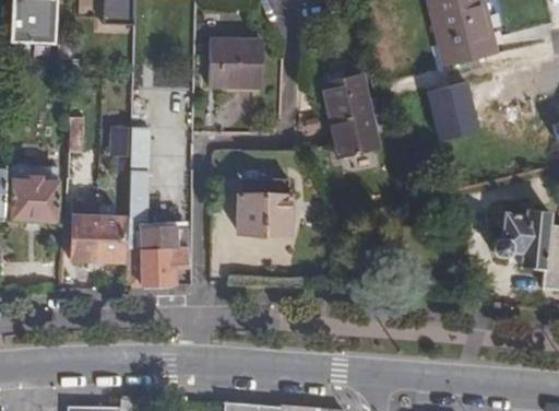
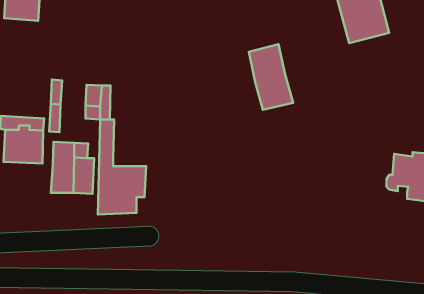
building: [210,42,264,89] -> none
building: [431,82,480,140] -> none
building: [240,178,292,234] -> none

